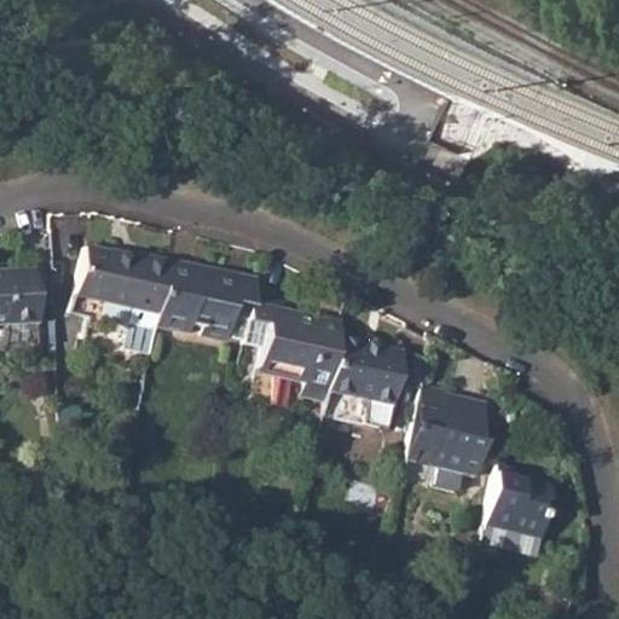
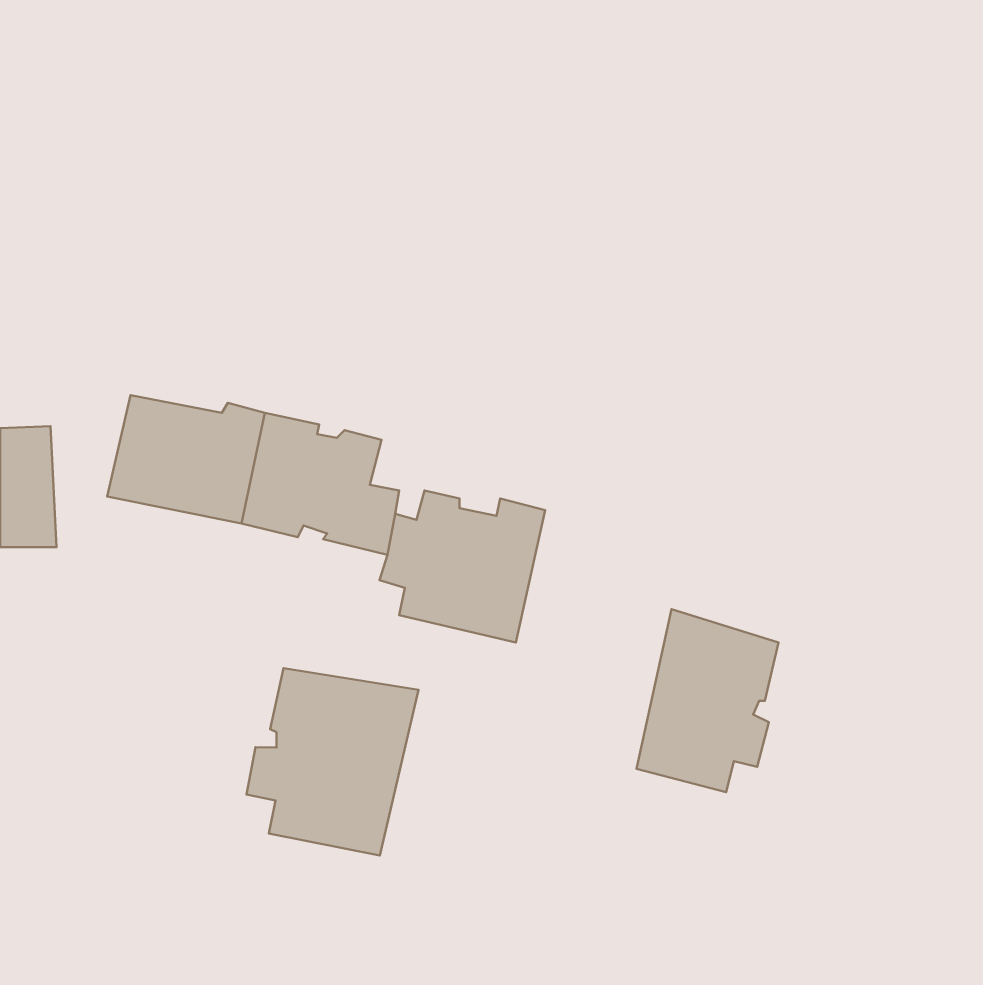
building: [326,334,406,424] -> none
building: none -> [247,668,419,855]
building: [486,462,554,554] -> none

